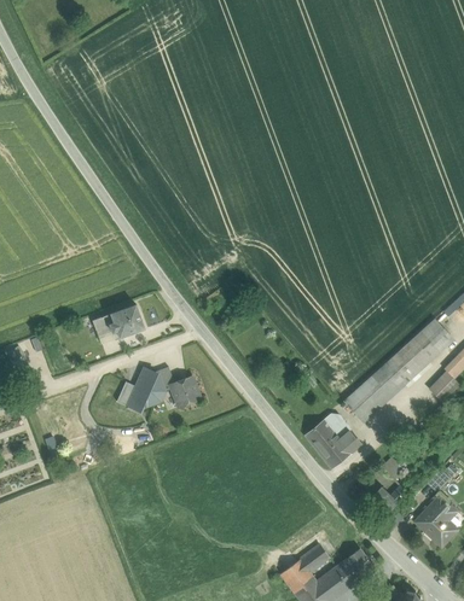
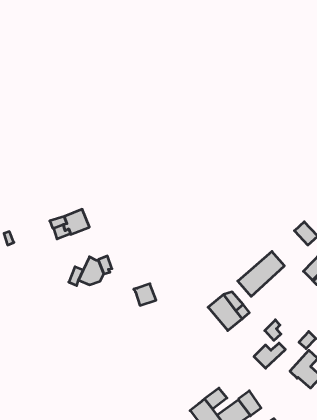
building: [389,333,437,380] -> none
building: [169,378,199,407] -> [134,284,156,305]

